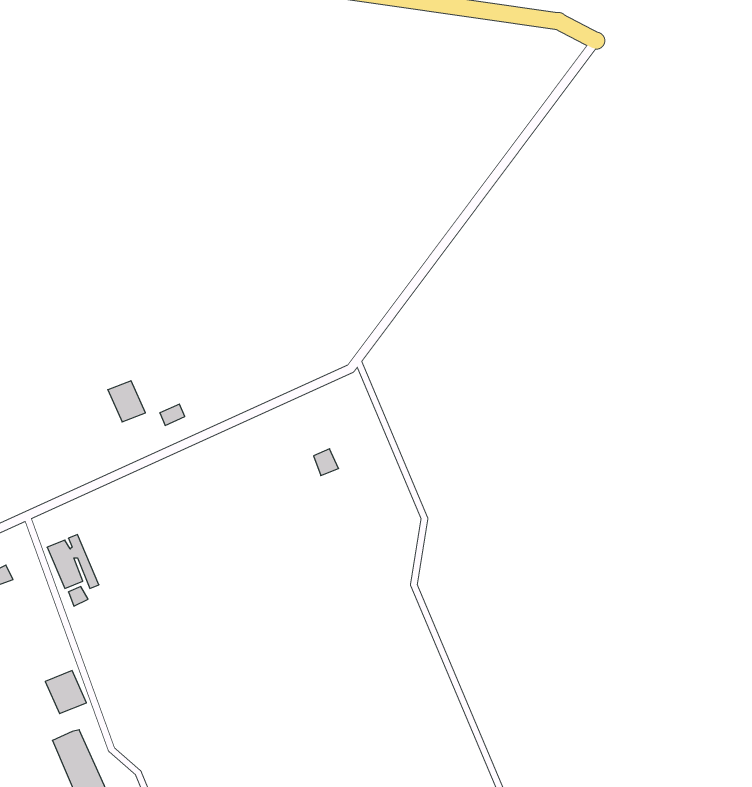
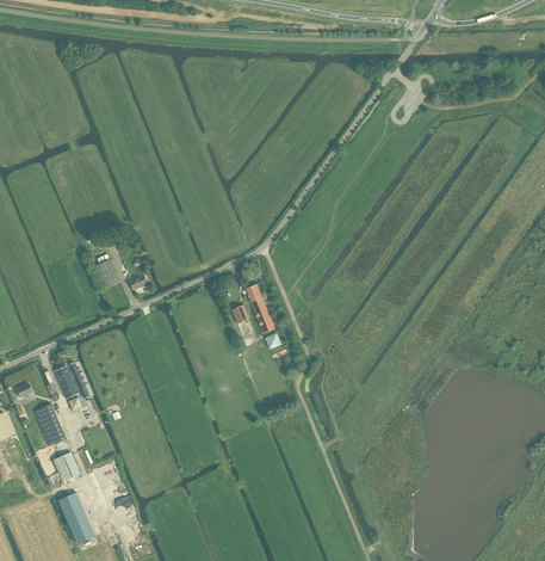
building: none -> [246,283,275,333]
building: none -> [35,403,66,445]

